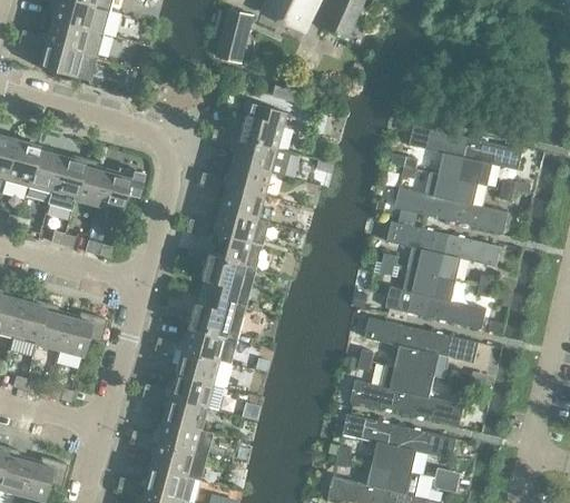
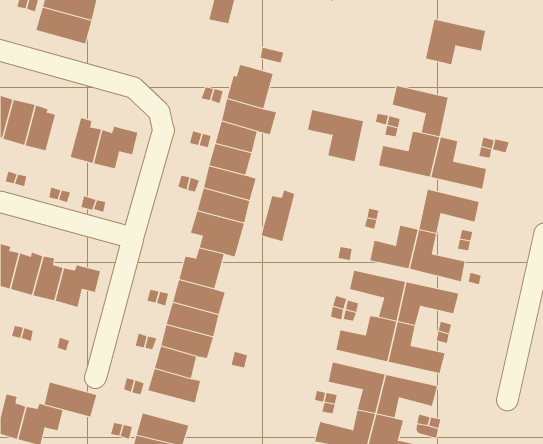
building: [460,138,523,186] -> [425,19,486,65]
building: [49,156,85,200] -> none
building: [387,221,446,276] -> [307,110,364,162]
building: none -> [261,190,295,242]
building: [149,444,205,481] -> [44,382,97,417]

